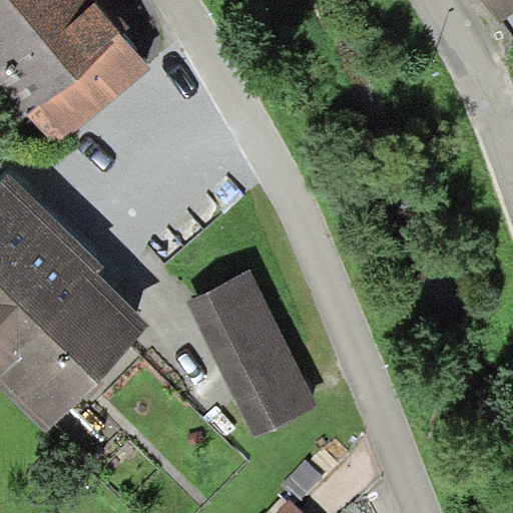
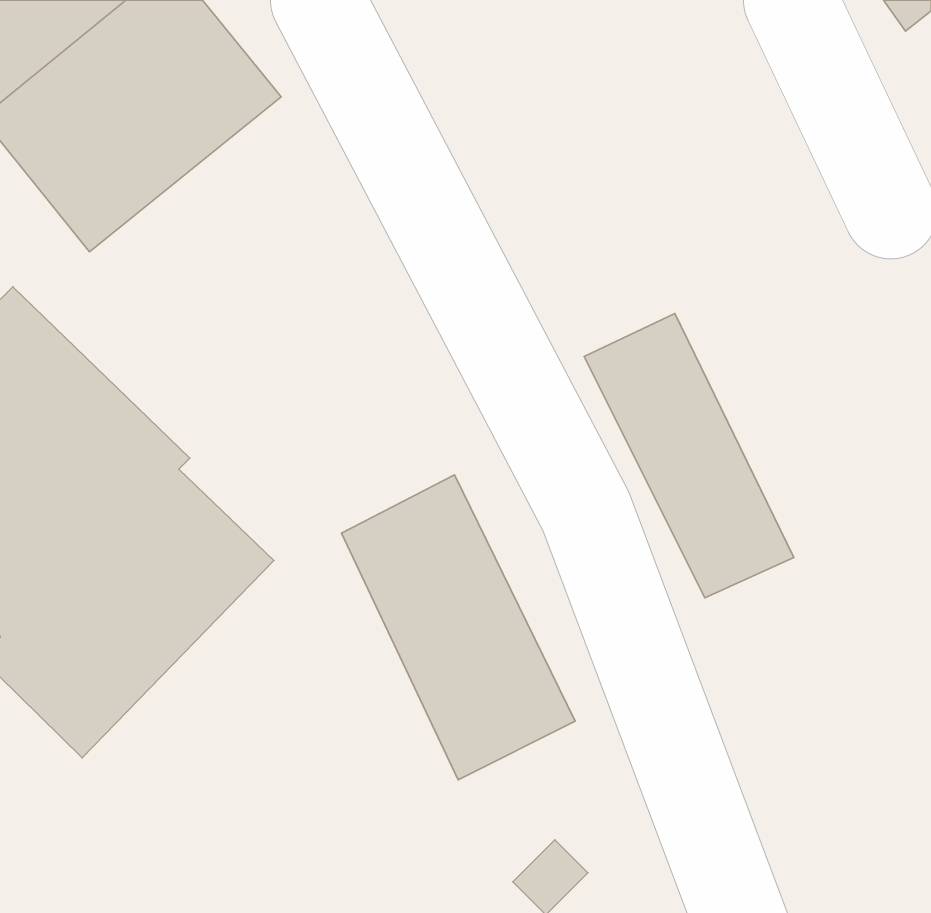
building: none -> [584,314,794,598]

